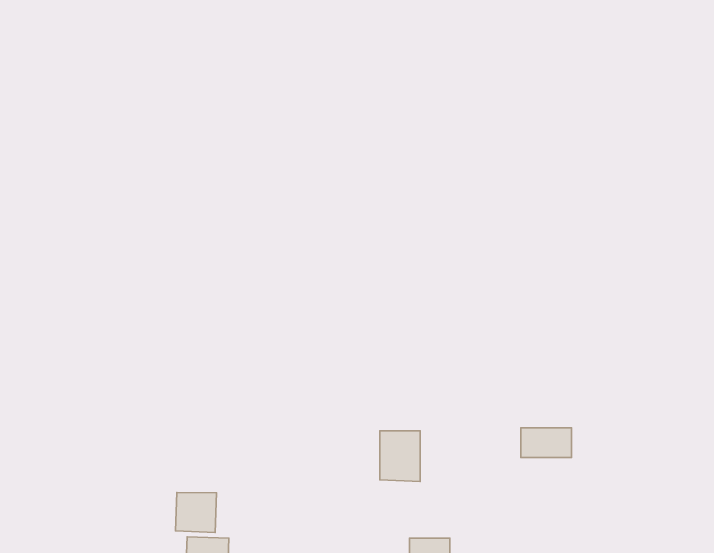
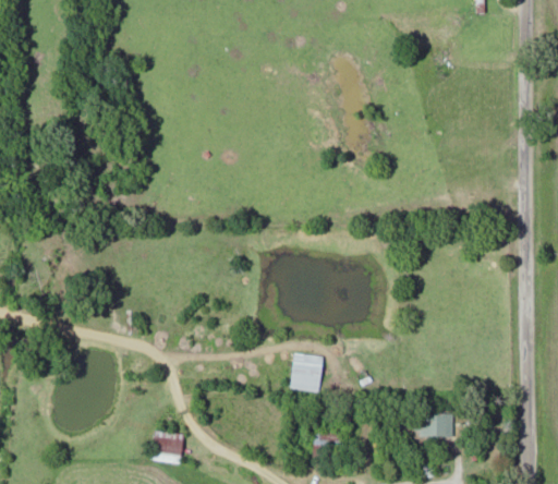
building: [521,428,571,458] -> [414,415,451,437]
building: [175,493,217,532] -> none

